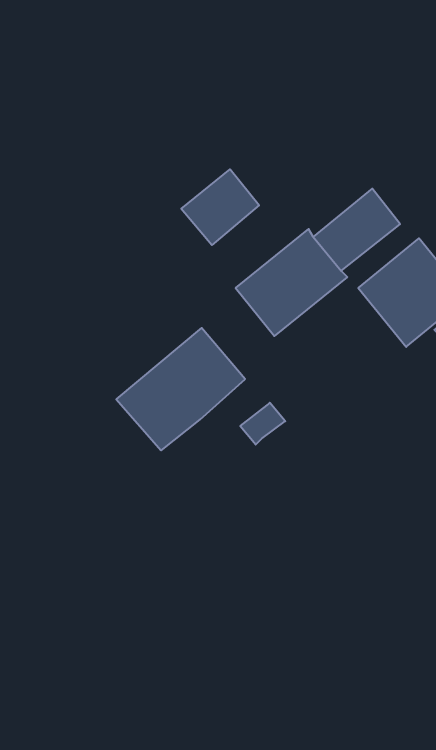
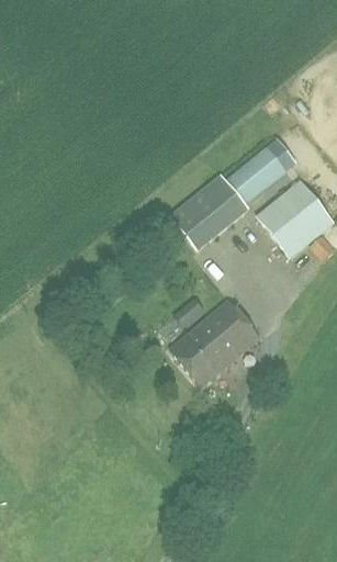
building: [181,169,259,245] -> none
building: [116,328,245,450] -> [169,299,260,385]

